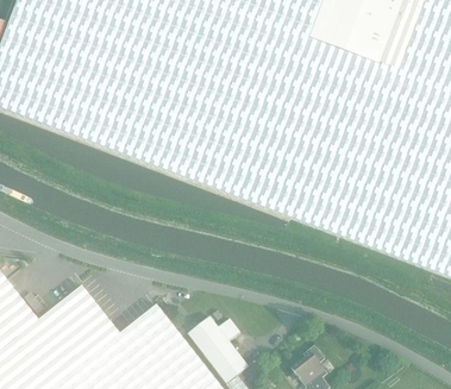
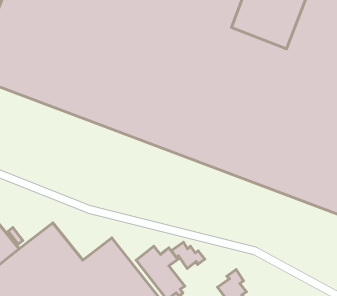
building: none -> [172,242,205,269]

